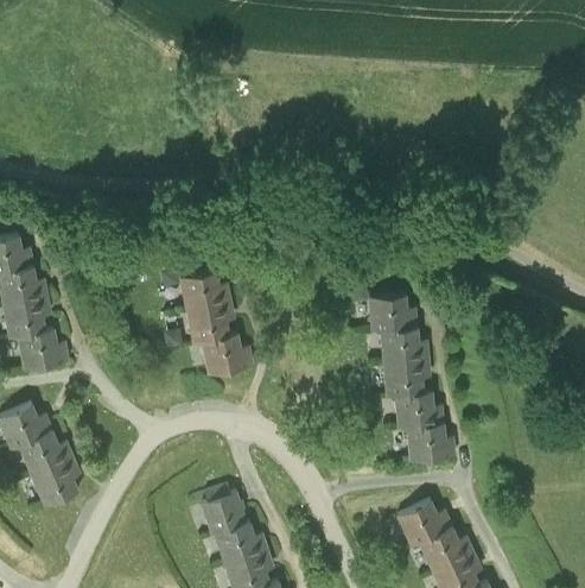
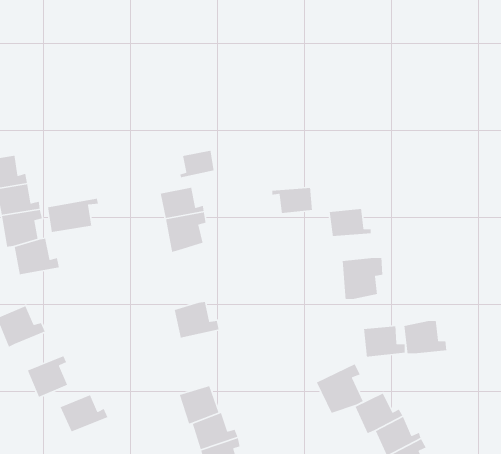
building: none -> [179,150,215,178]
building: none -> [47,198,99,233]
building: [373,322,419,352] -> [271,187,313,214]
building: [202,331,253,373] -> [174,301,219,338]
building: [395,390,444,428] -> [404,320,447,354]
building: [19,431,74,474] -> [59,394,108,432]
building: none -> [316,363,364,414]

